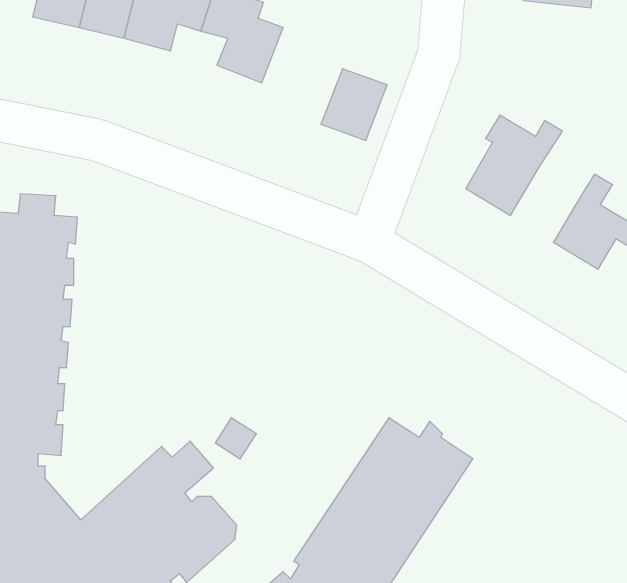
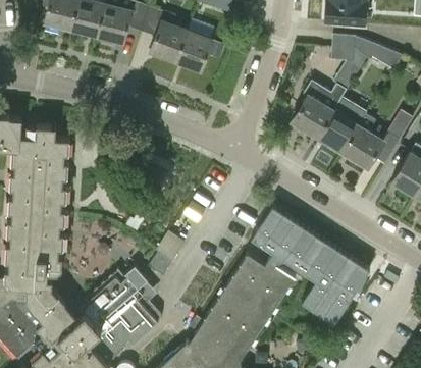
building: none -> [330,35,379,68]
building: [321,69,387,140] -> [175,31,213,71]
building: none -> [317,110,358,153]
building: none -> [251,204,373,327]

